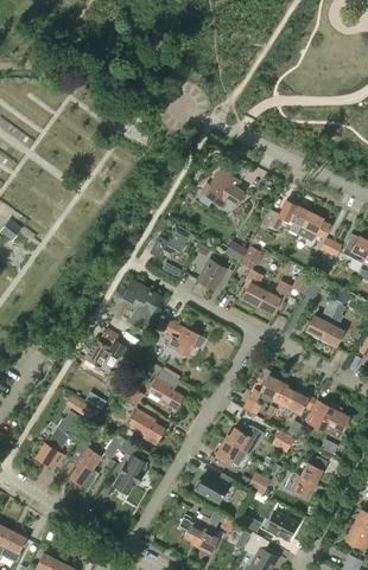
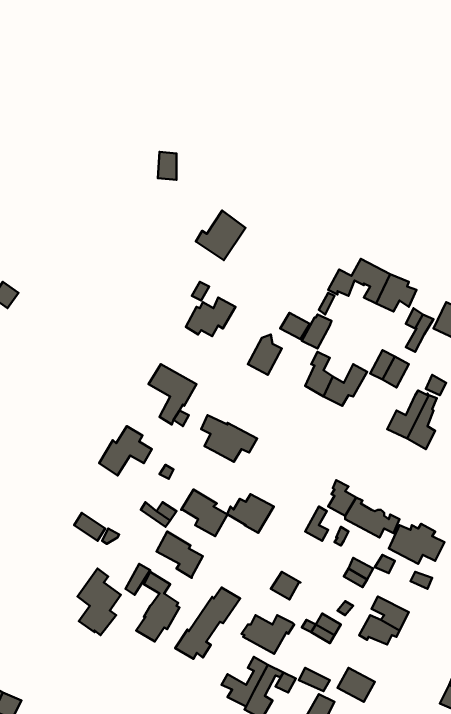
building: [202,168,240,206] -> [196,211,245,260]
building: [36,411,85,466] -> [175,588,240,659]
building: [226,424,261,454] -> [227,494,274,533]

